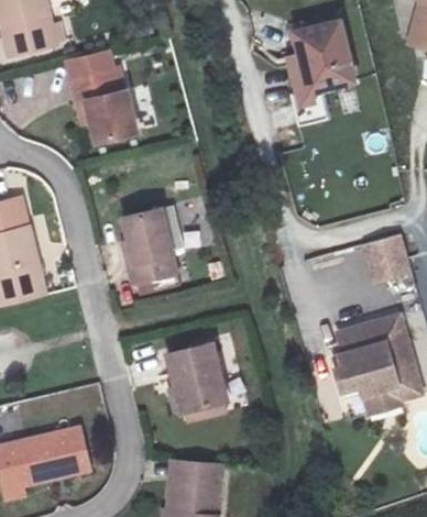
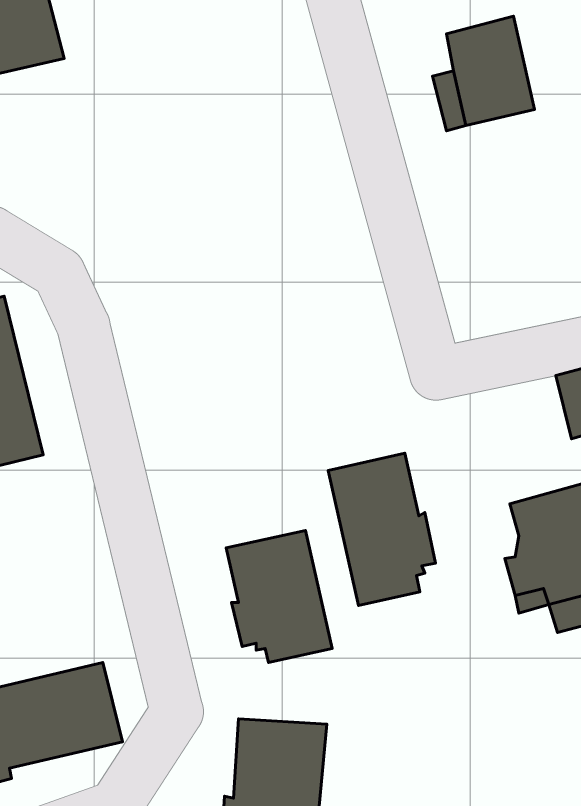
building: [62,47,138,144] -> none
building: [119,206,183,298] -> none
building: none -> [328,453,436,606]

